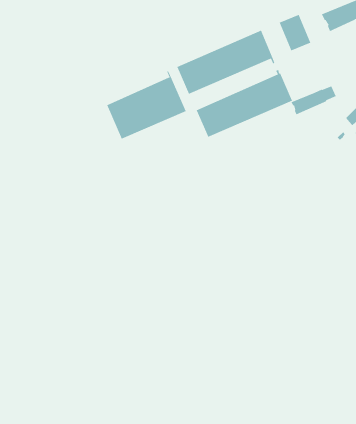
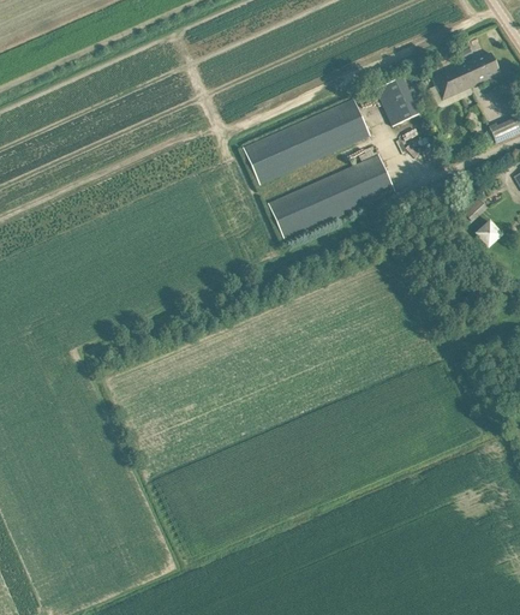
building: [106,70,187,139] -> none
building: [291,85,336,115] -> none

